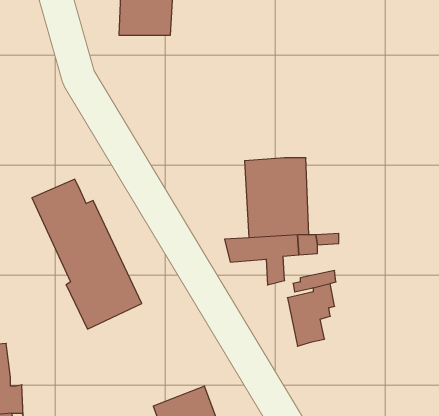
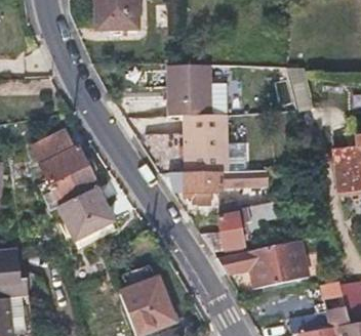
building: none -> [168,66,214,118]
building: none -> [217,238,308,285]

